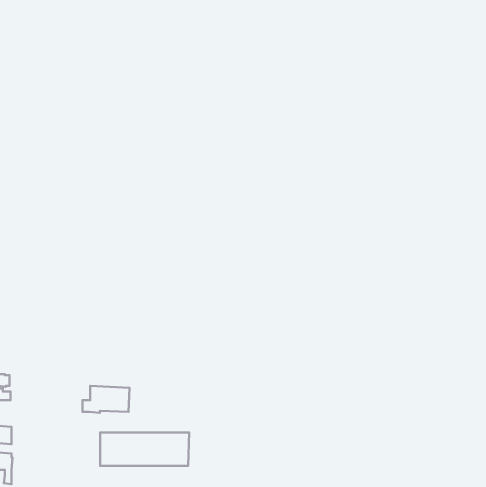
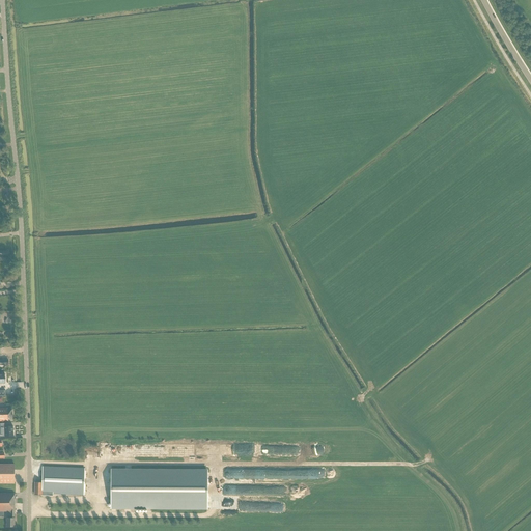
building: [83,386,129,413] -> [32,466,83,495]

